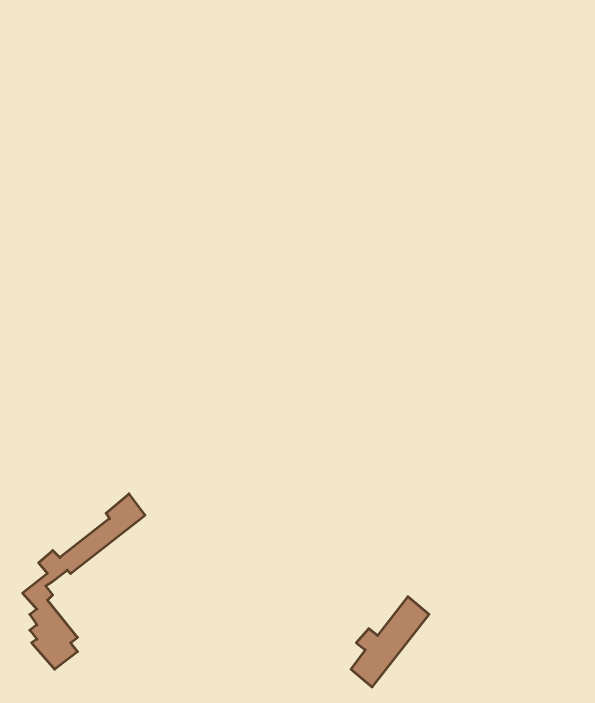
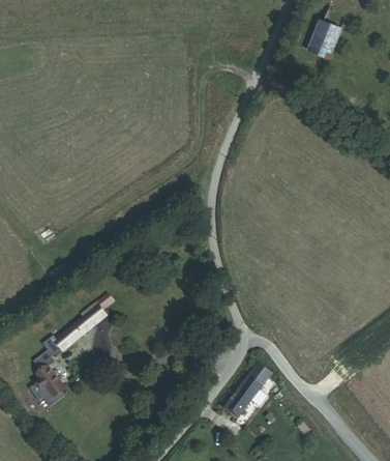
building: none -> [308,20,342,59]

